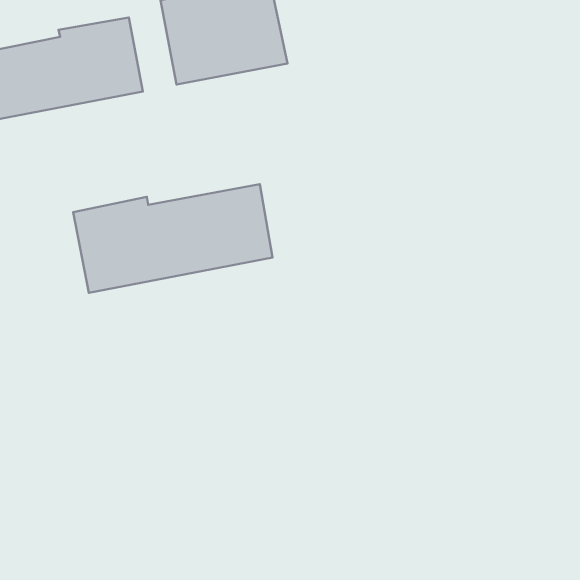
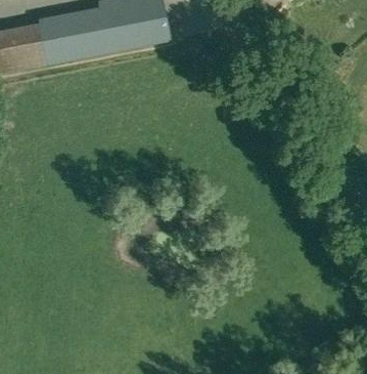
building: [73,184,273,293] -> none

